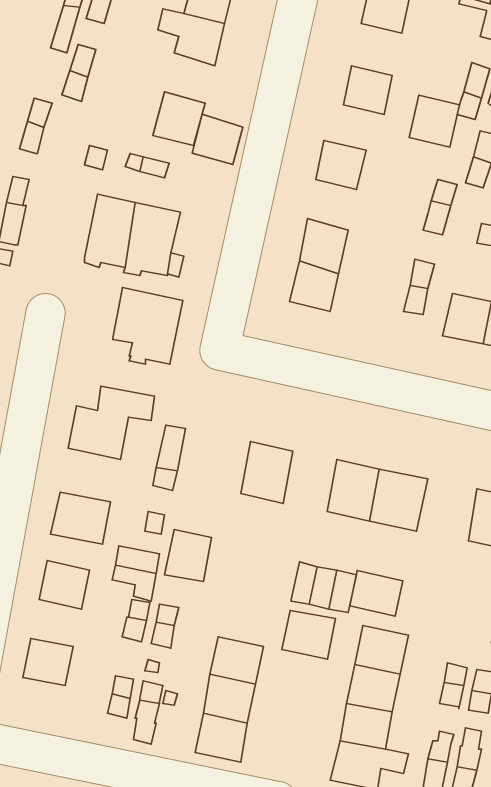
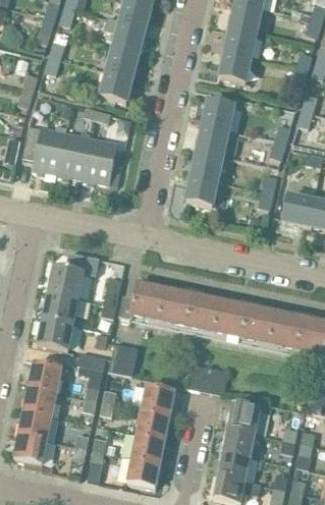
building: [409,95,459,147] -> [225,24,257,57]
building: [192,114,243,165] -> [108,43,140,74]
building: none -> [198,122,228,154]
building: [113,288,183,364] -> [22,123,66,171]
building: none -> [119,281,162,320]
building: none -> [43,291,80,324]
building: none -> [182,292,216,330]
building: none -> [266,310,304,348]
building: [350,570,403,616] -> none
building: none -> [24,385,56,414]
building: [282,610,336,659] -> [142,384,175,414]
building: none -> [14,434,46,463]

